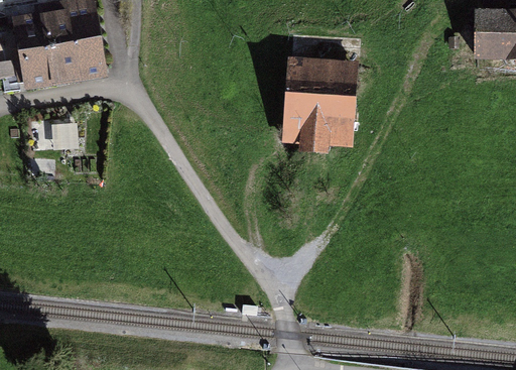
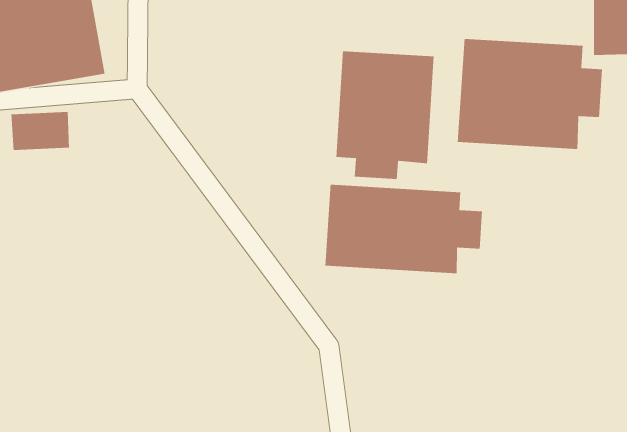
building: none -> [457,38,603,150]
building: none -> [325,184,483,274]

